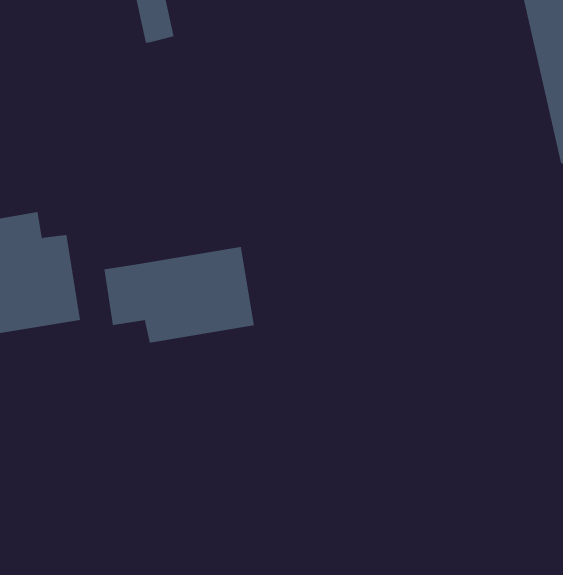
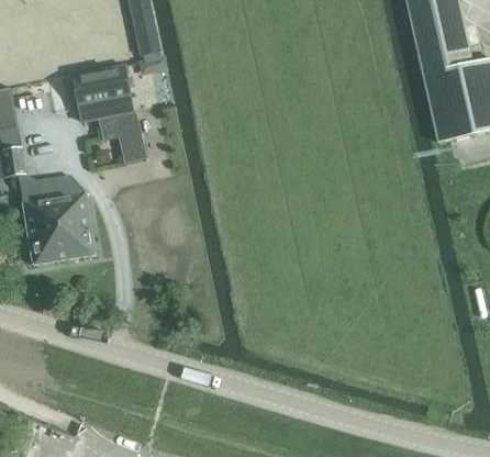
building: none -> [73,65,146,164]
building: [104,246,255,343] -> none

